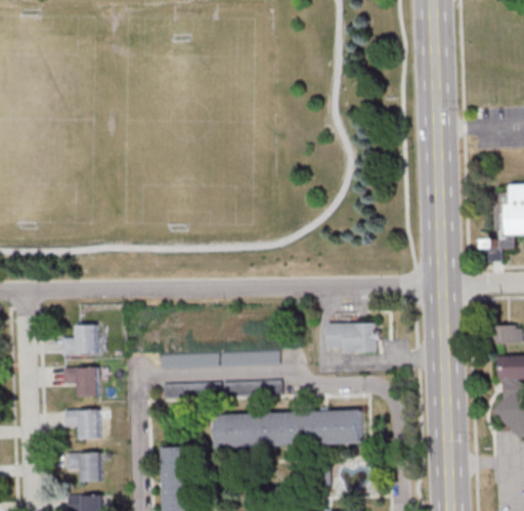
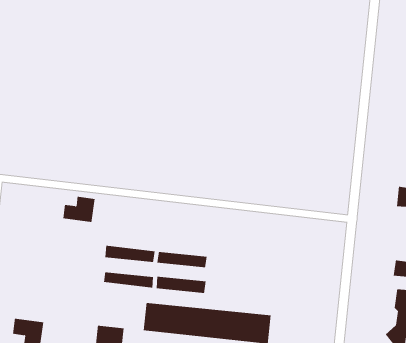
building: [329,323,378,353] -> none
building: [62,326,97,353] -> [62,196,95,222]
building: [63,368,98,397] -> none
building: [66,411,99,439] -> none

